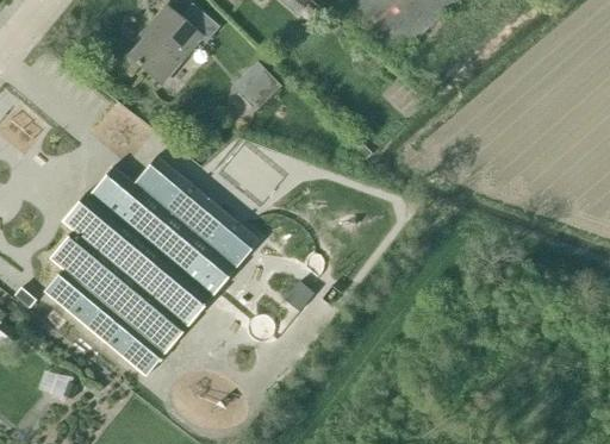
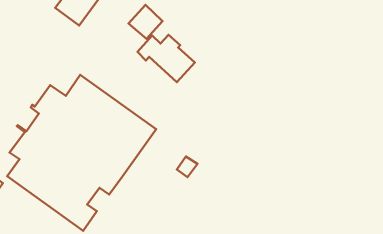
building: none -> [137,35,195,82]

